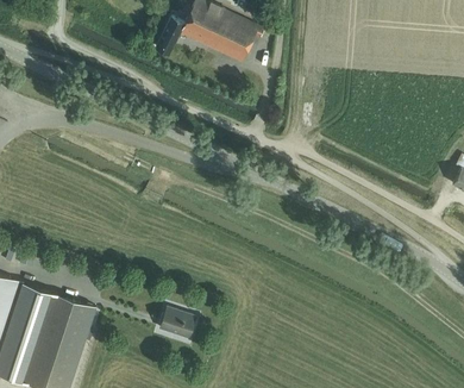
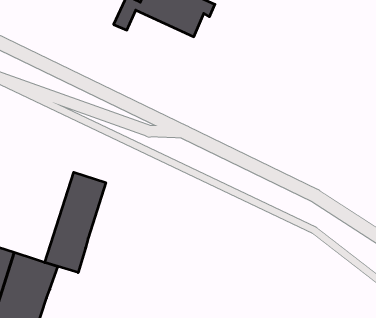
building: none -> [45,172,106,273]
building: [158,308,194,339] -> none

